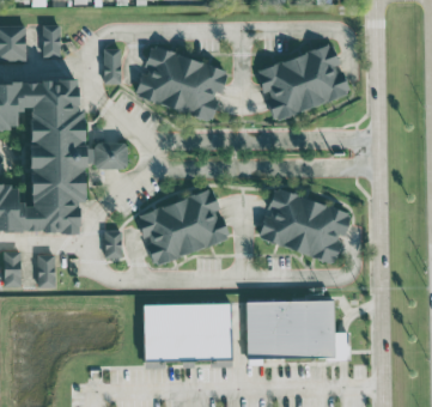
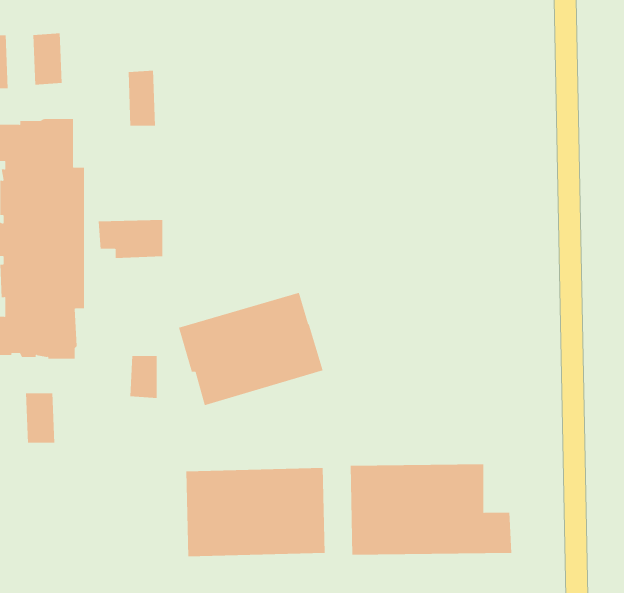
building: [255,43,347,119] -> none
building: [135,47,225,120] -> none
building: [255,189,349,263] -> none

